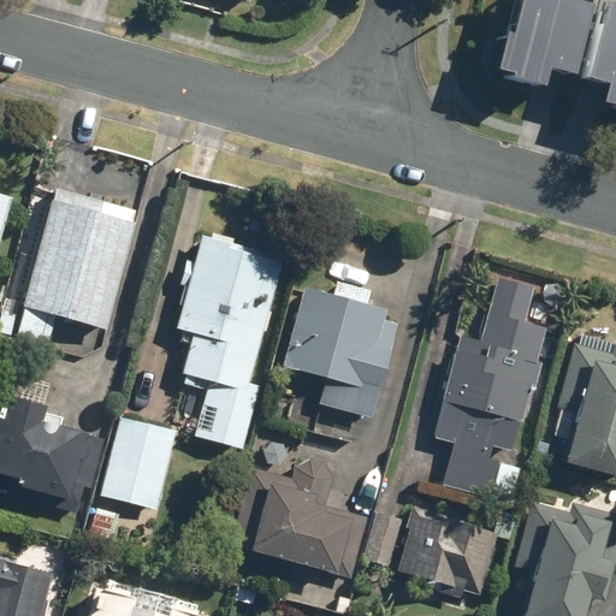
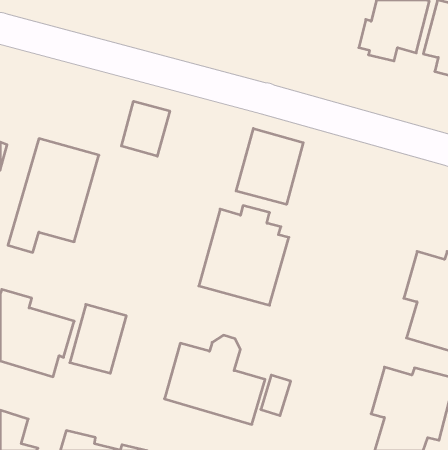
building: none -> [121,101,170,156]
building: none -> [236,128,303,204]
building: [177,237,285,450] -> none
building: [432,271,546,513] -> none
building: [397,507,493,599] -> none

